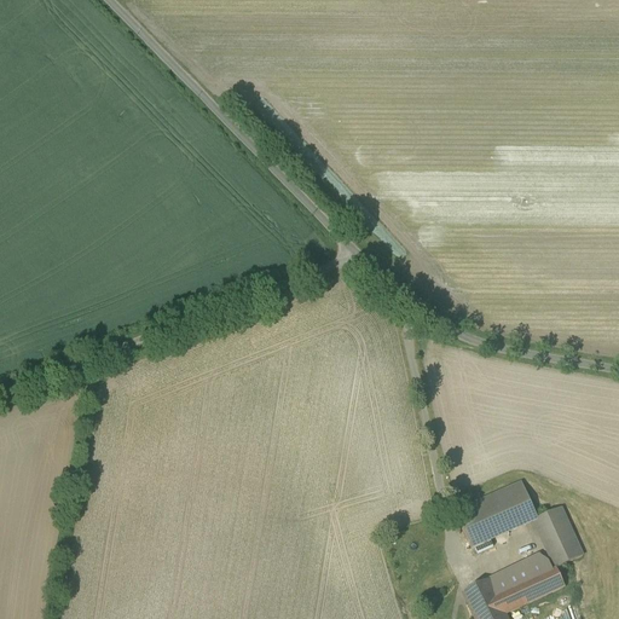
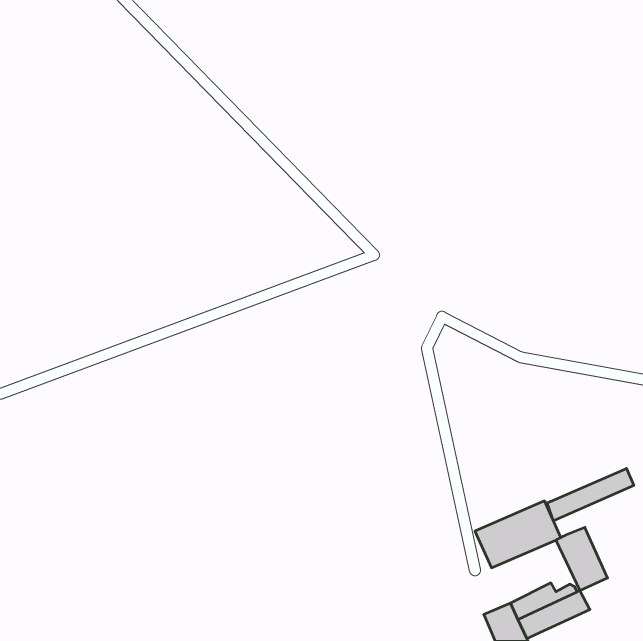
building: none -> [547,468,634,521]

